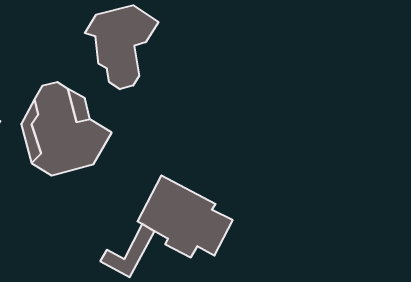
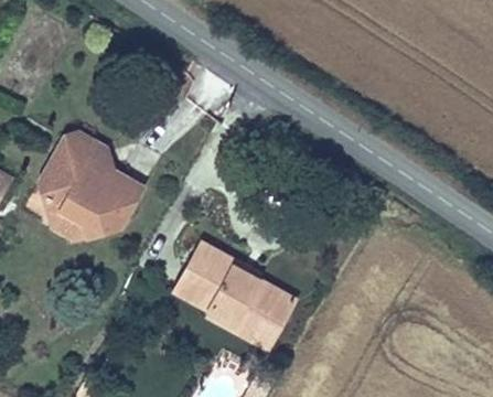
building: [85,5,158,89] -> none
building: [100,224,155,277] -> [235,291,298,353]

